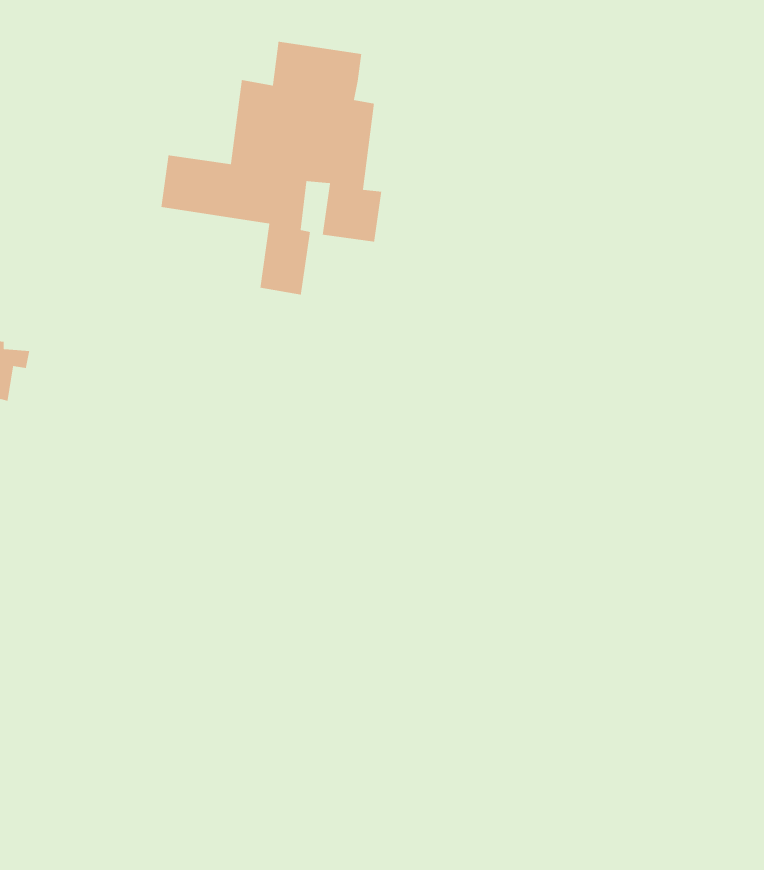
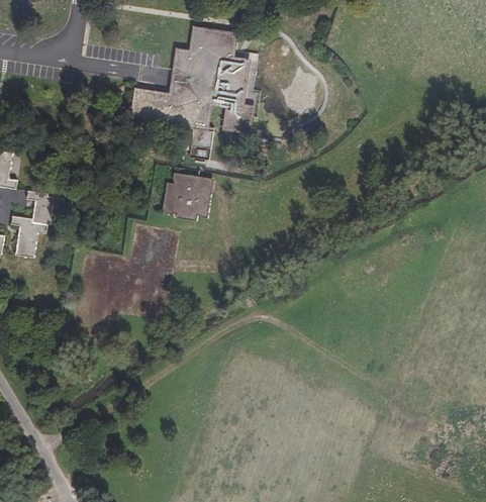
building: none -> [161,170,209,218]

